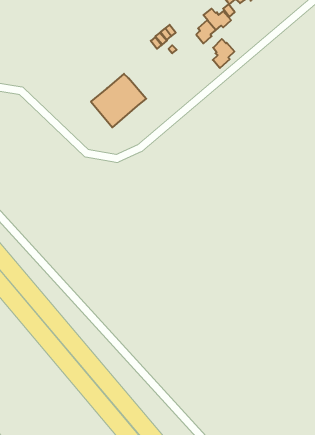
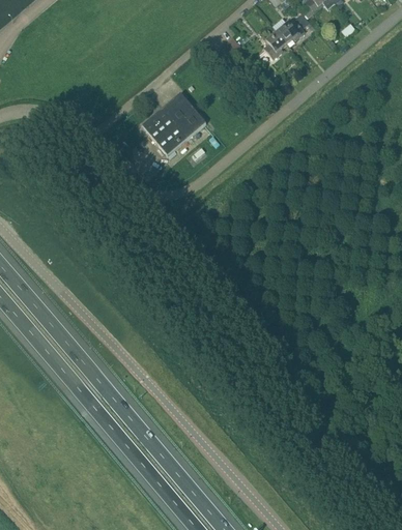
building: [213,39,234,68] -> none

